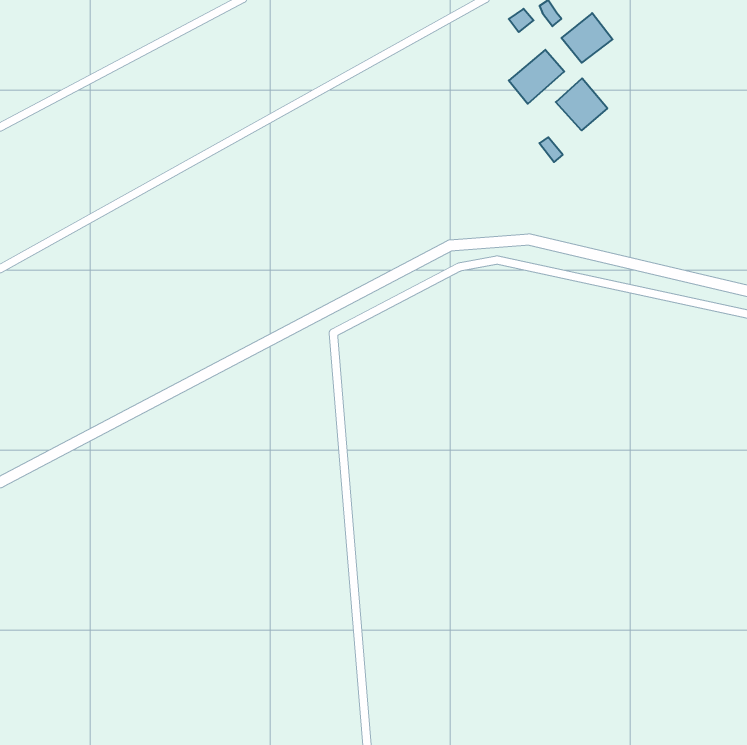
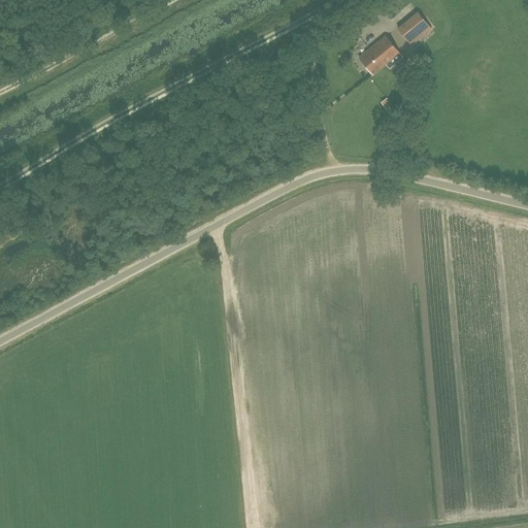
building: [556,78,607,130] -> none

